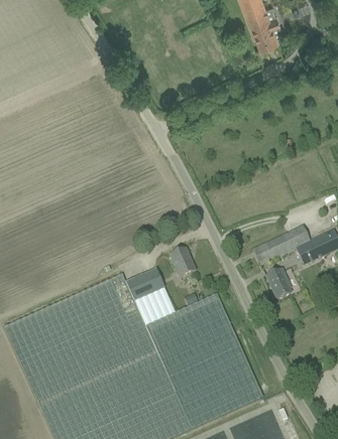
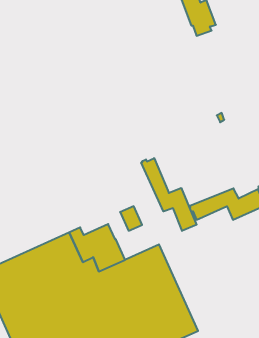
building: none -> [141,158,197,231]
building: [265,269,291,299] -> none

